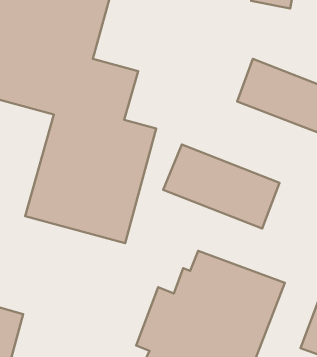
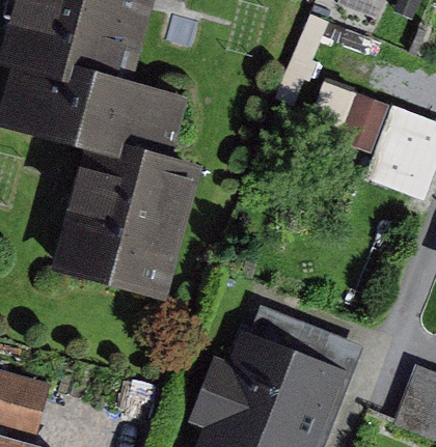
building: [163,144,280,228] -> none

